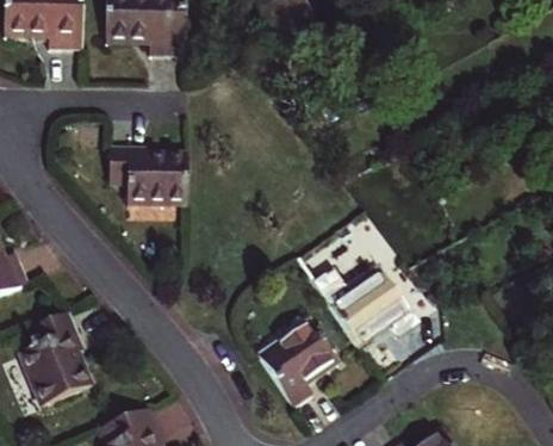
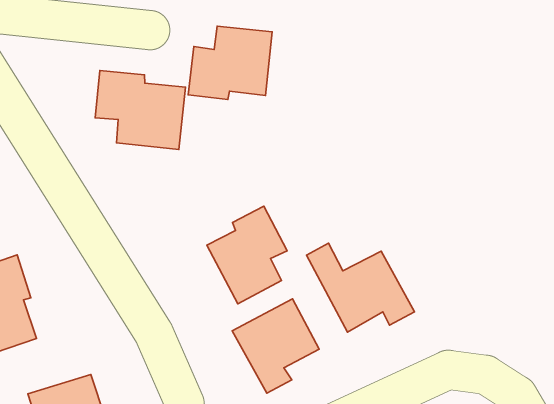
building: none -> [188,26,272,100]
building: none -> [207,206,287,304]

